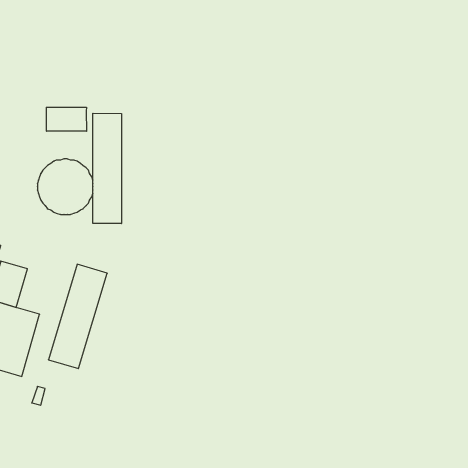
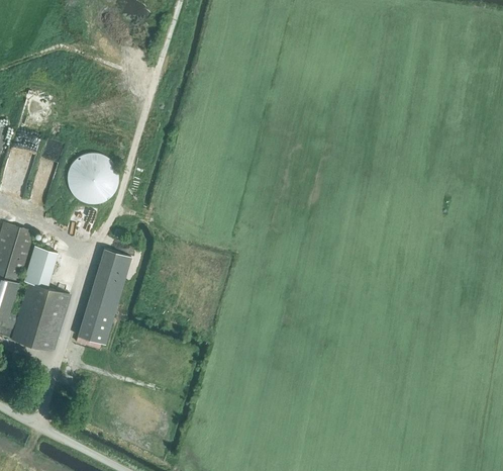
building: [46,107,87,131] -> none
building: [93,113,121,224] -> none

